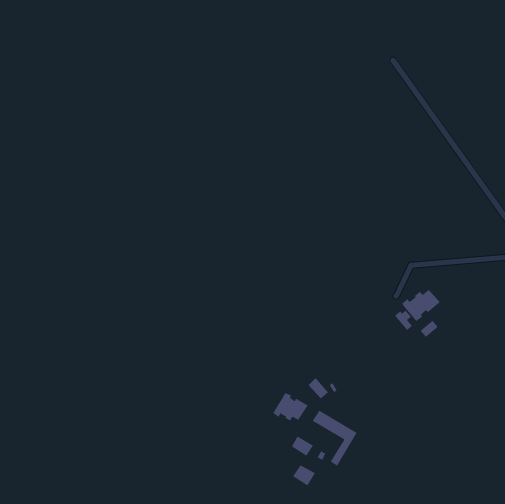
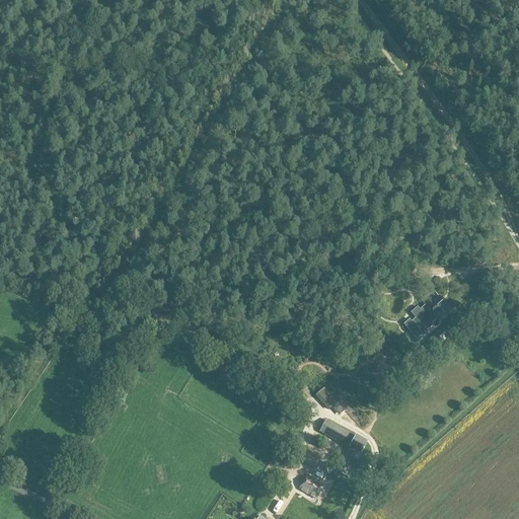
building: [272,392,308,421] -> none

